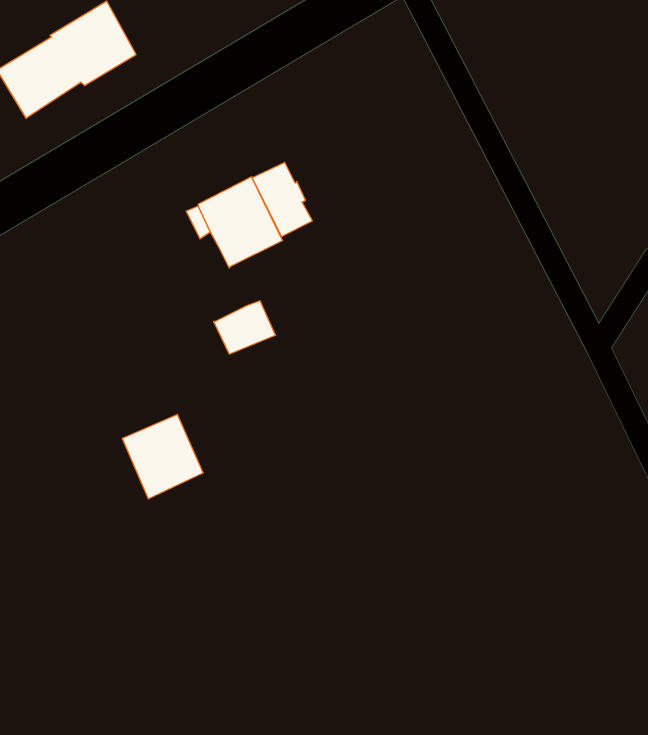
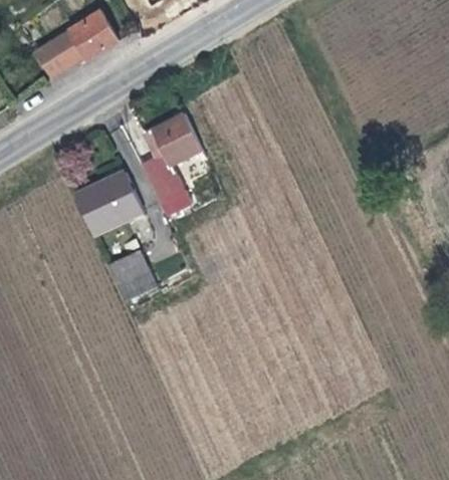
building: [252,162,312,236] -> [145,154,180,197]
building: none -> [75,172,142,234]

